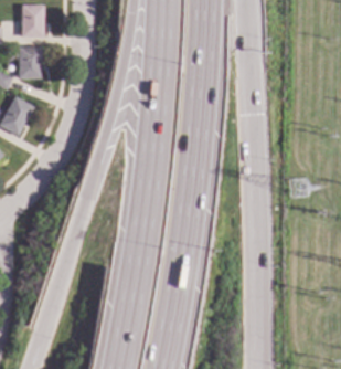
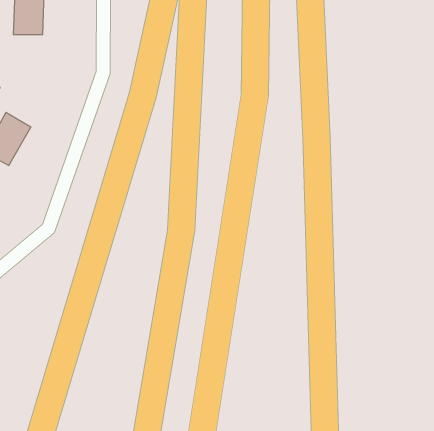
building: [19,46,42,77] -> none

